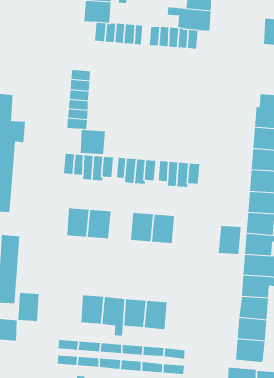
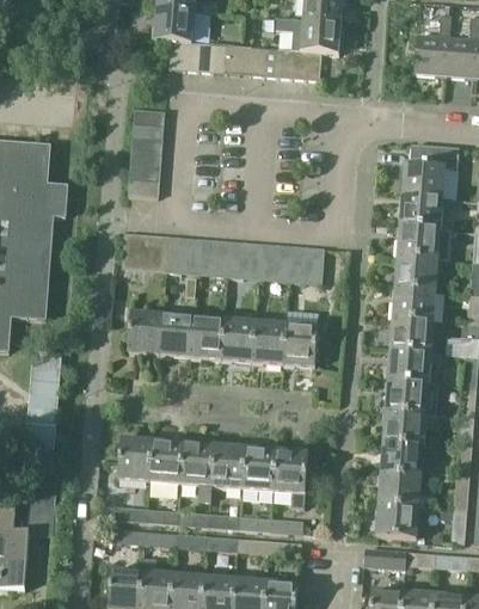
building: [80,129,105,155] -> none
building: none -> [190,318,225,361]
building: [218,225,242,255] -> [283,325,318,368]
building: [18,292,40,322] -> [118,438,151,481]
building: none -> [272,451,307,508]

